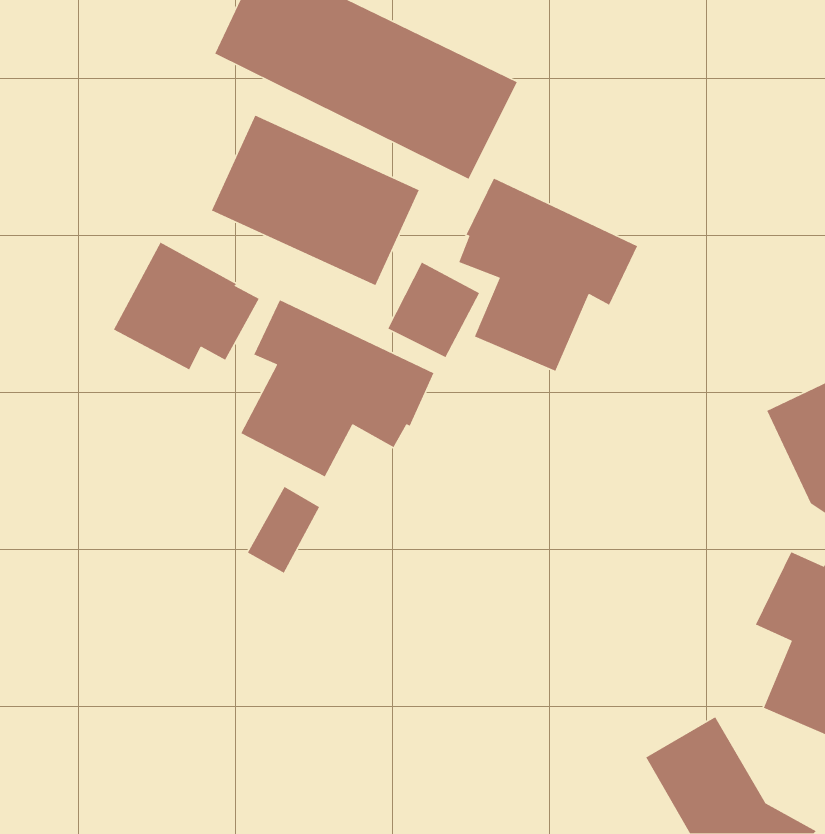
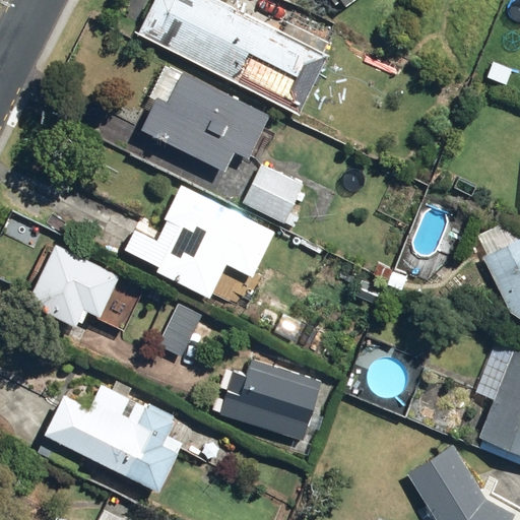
building: [458,177,638,372] -> none
building: [113,241,260,371] -> [26,243,118,323]
building: none -> [222,359,320,440]
building: none -> [42,385,181,493]

